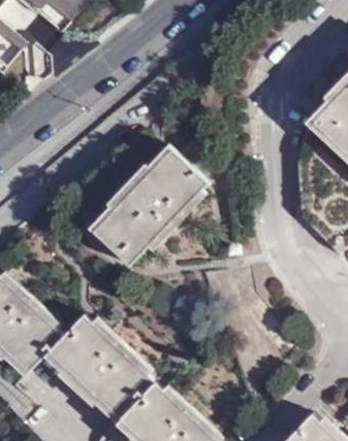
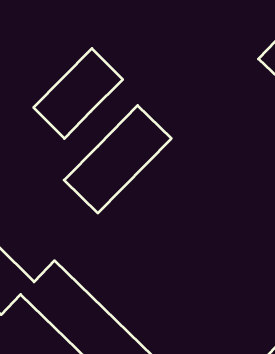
building: none -> [34,48,123,139]

